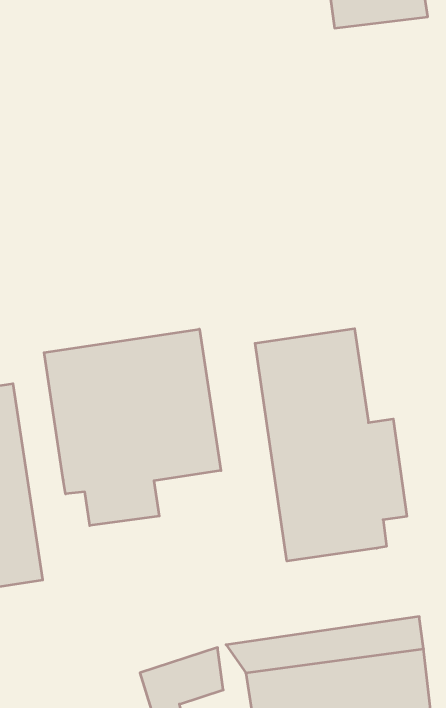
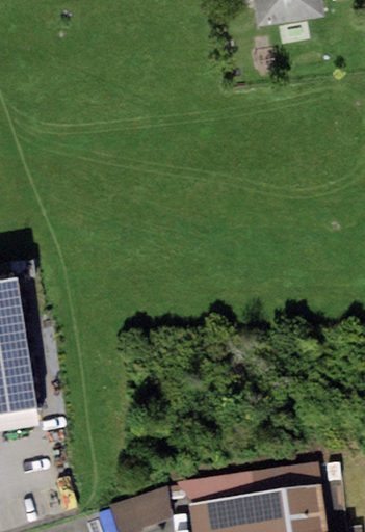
building: [255,329,407,561] -> none
building: [44,329,221,526] -> none

